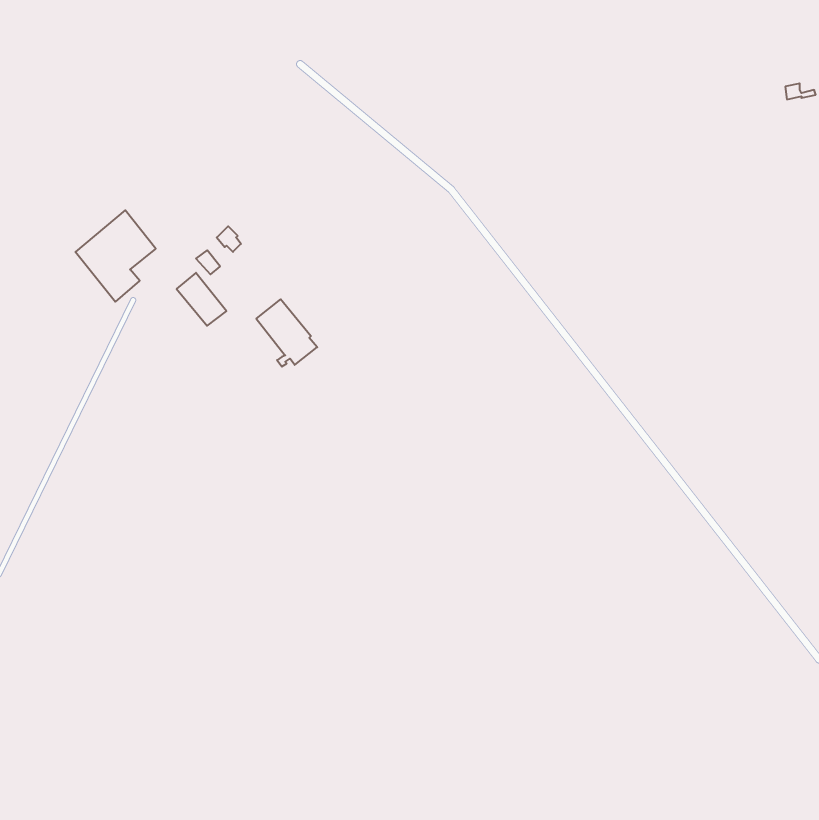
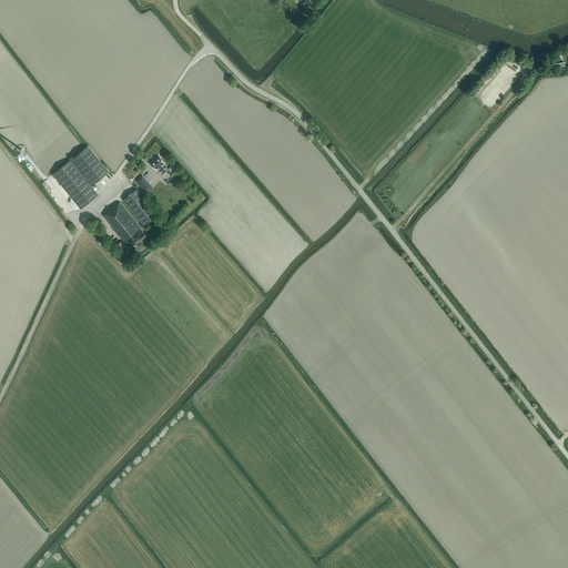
building: [256,299,317,367] -> [102,202,144,248]

